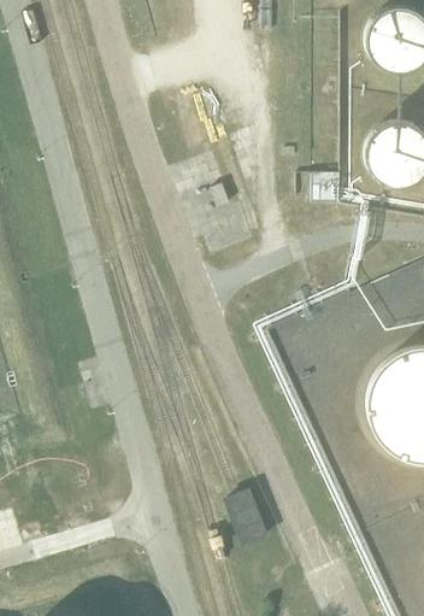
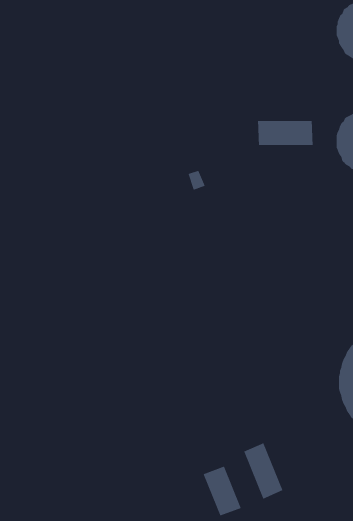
building: none -> [257,120,313,146]
building: none -> [243,442,283,500]

